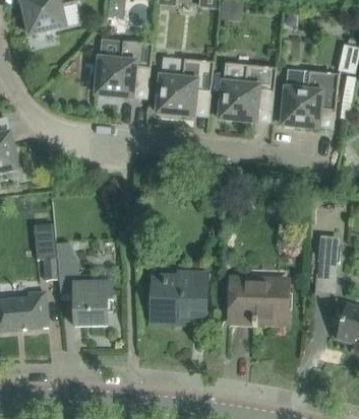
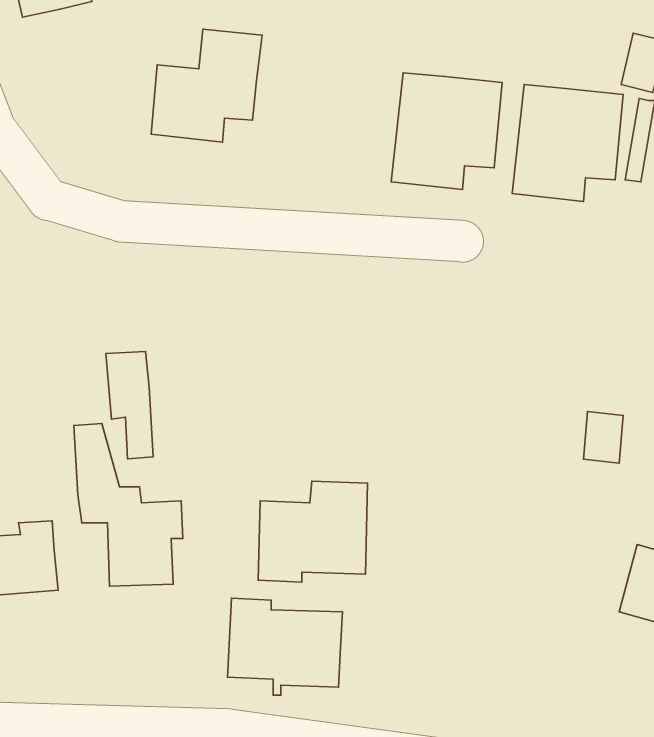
building: [156,58,213,116] -> none
building: [33,224,57,279] -> [106,352,153,459]
building: [228,277,287,327] -> [227,598,342,695]

